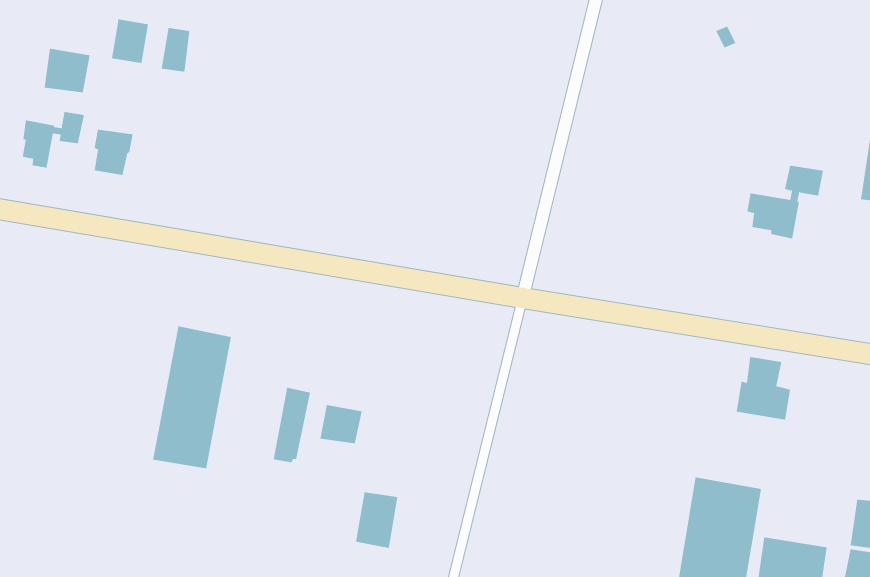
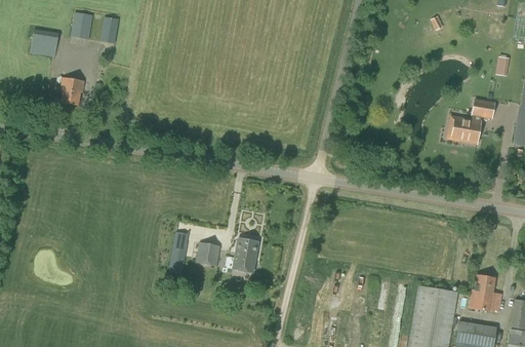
building: [22,111,85,169] -> none
building: [153,326,231,469] -> none
building: [736,357,791,420] -> [469,275,501,313]
building: [355,492,398,549] -> [233,239,258,273]

